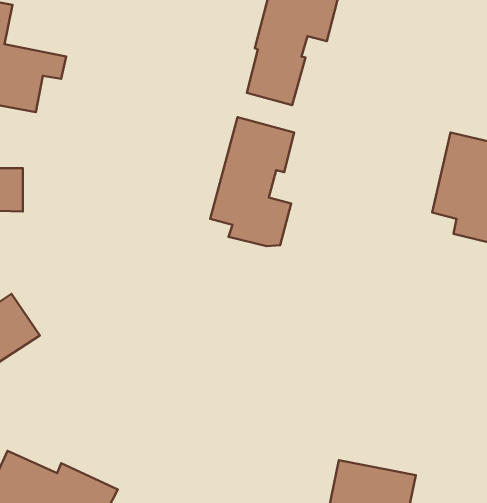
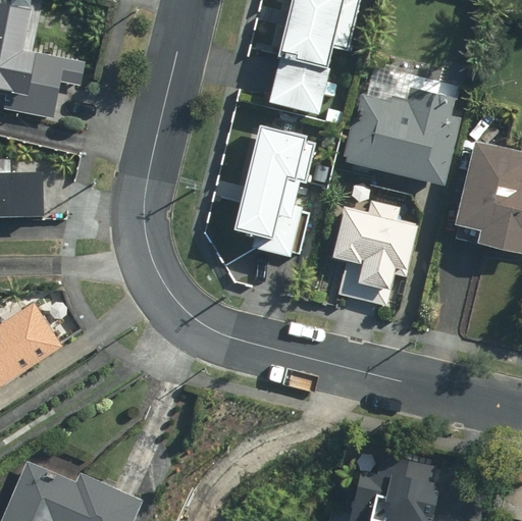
building: none -> [347,88,458,184]
building: none -> [333,199,417,304]

